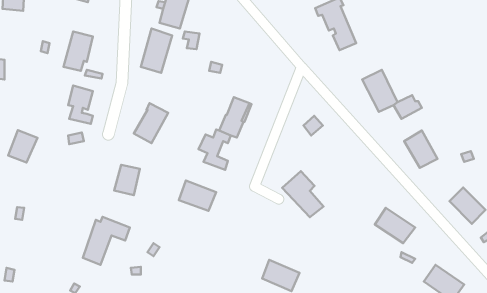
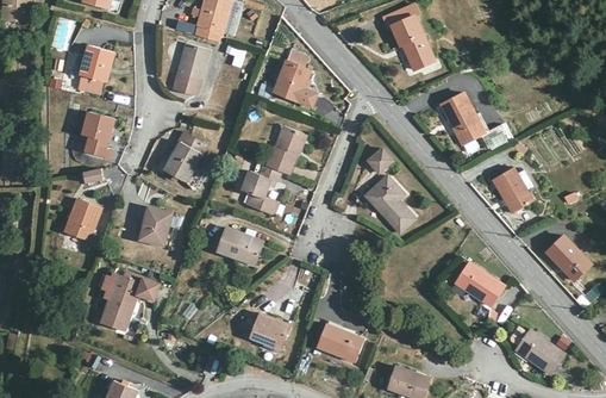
building: none -> [275,61,310,100]
building: [8,130,37,162] -> [65,199,101,238]
building: [282,171,323,217] -> [366,175,416,231]
building: none -> [250,312,290,348]

